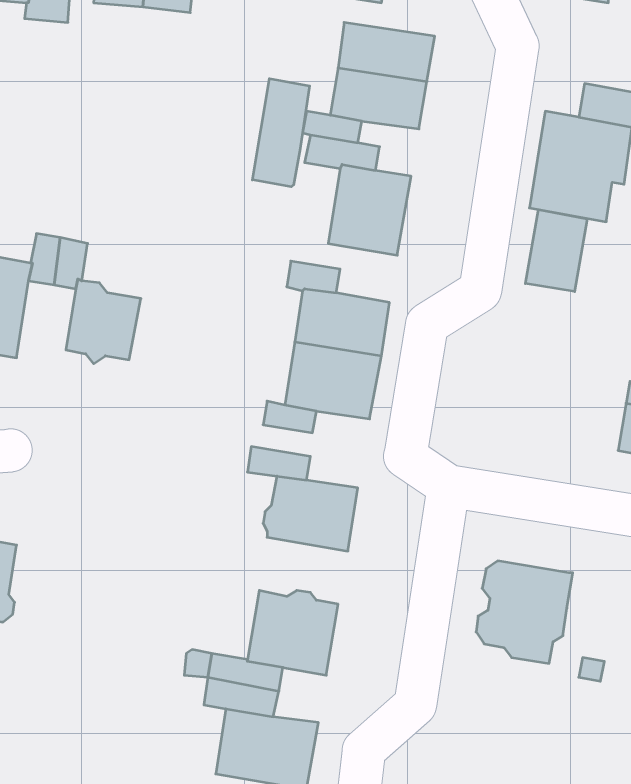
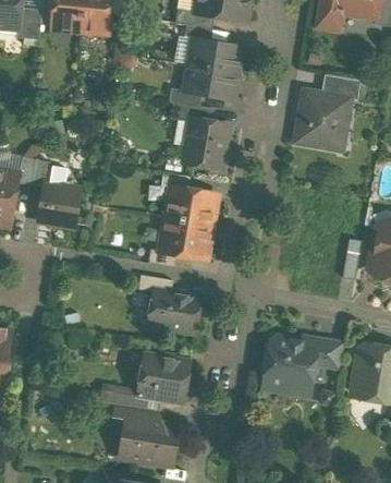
building: [252,79,310,187] -> none
building: [525,210,587,292] -> none
building: none -> [315,337,344,367]

